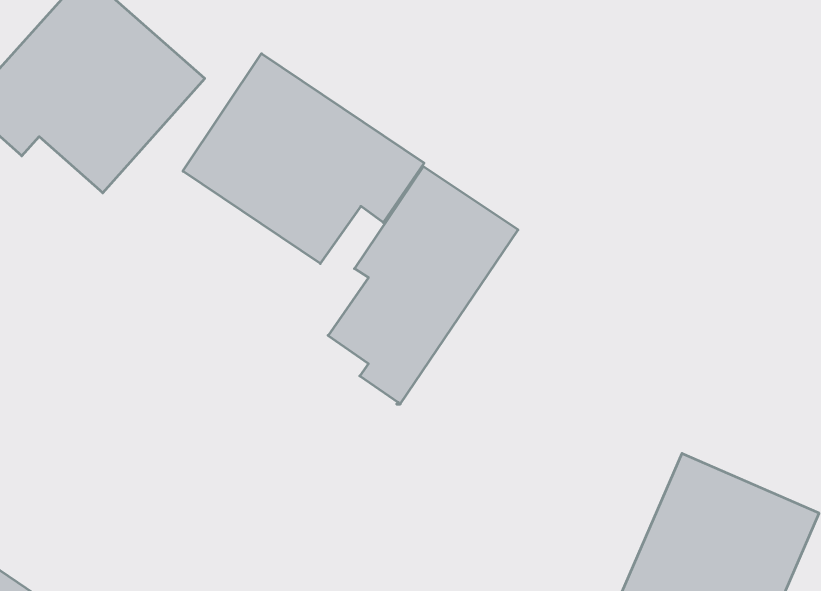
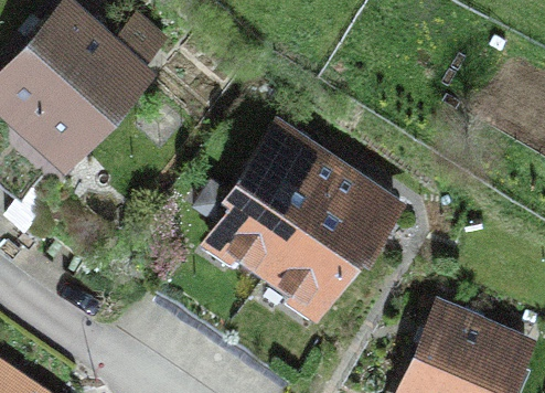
building: [183,54,424,264] -> none
building: none -> [264,166,395,301]

